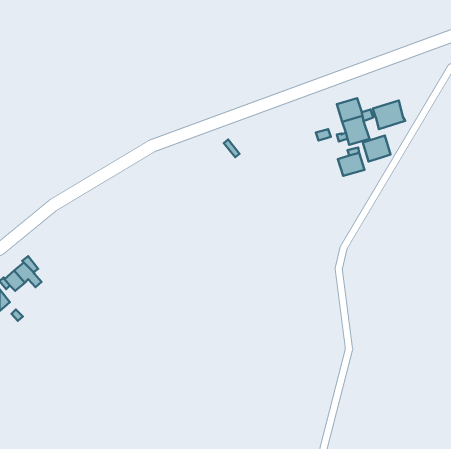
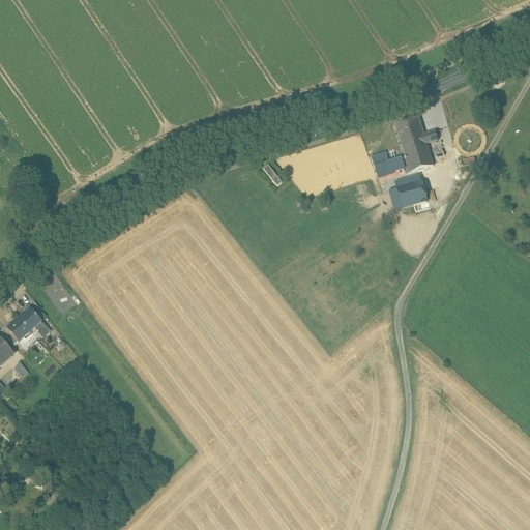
building: [373,100,405,129] -> none
building: [363,135,391,162] -> none

